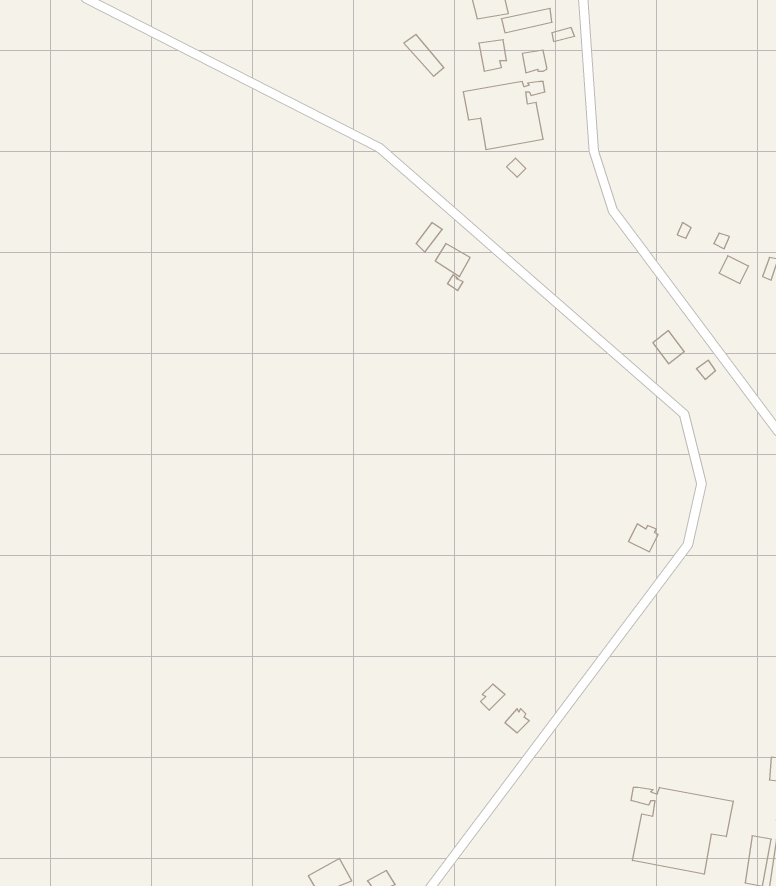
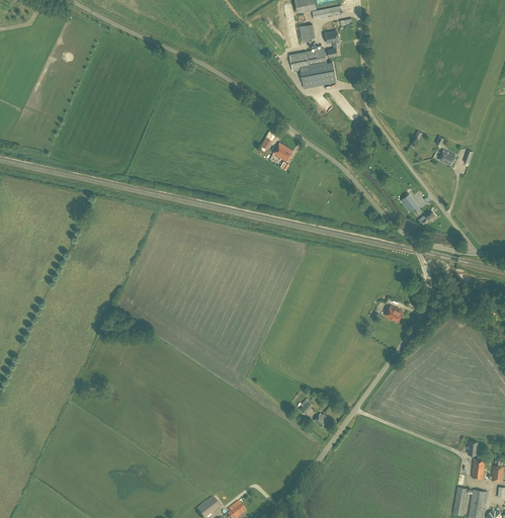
building: [631,787,733,874] -> none

